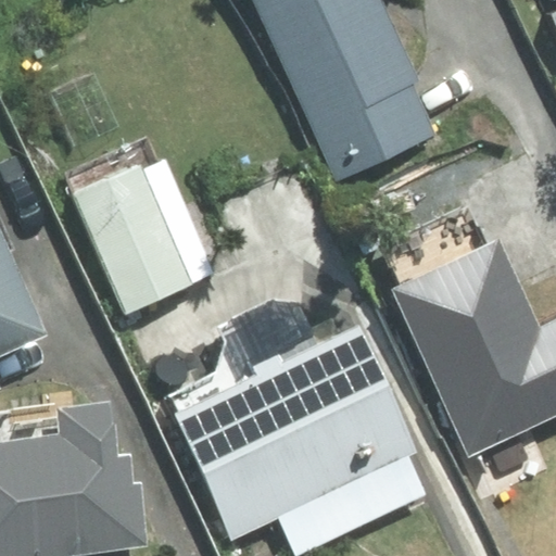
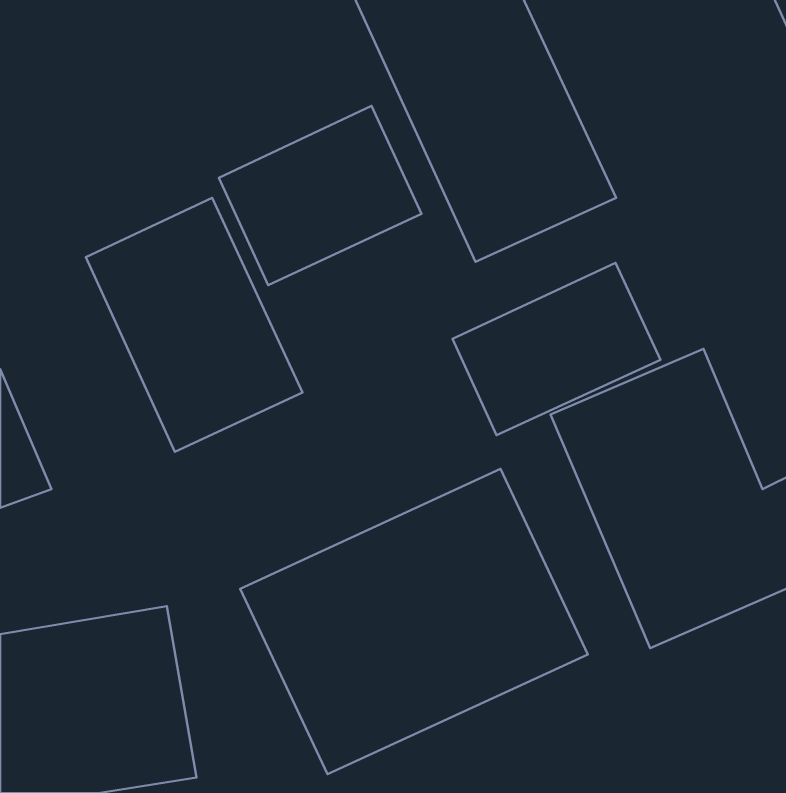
building: none -> [219,106,422,285]
building: none -> [453,263,660,435]

